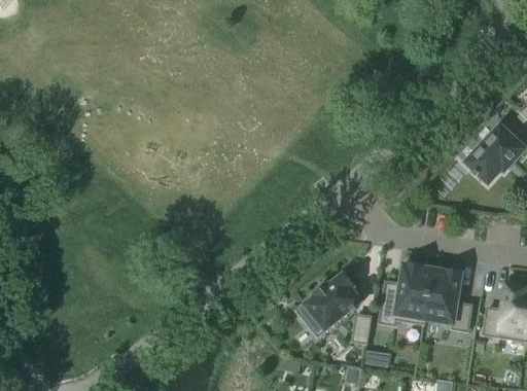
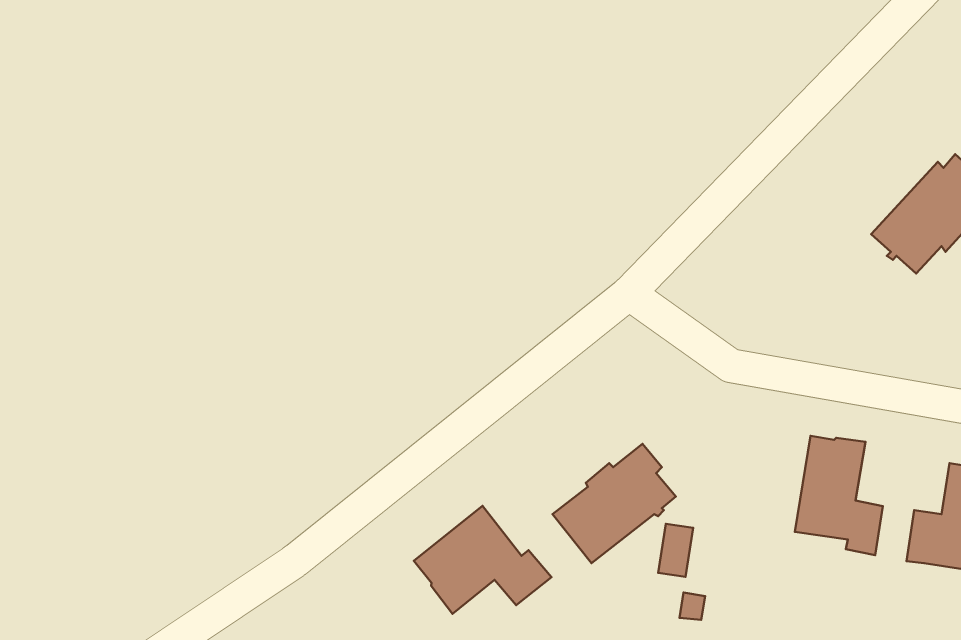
building: [379,264,433,326] -> none
building: none -> [414,506,551,614]

